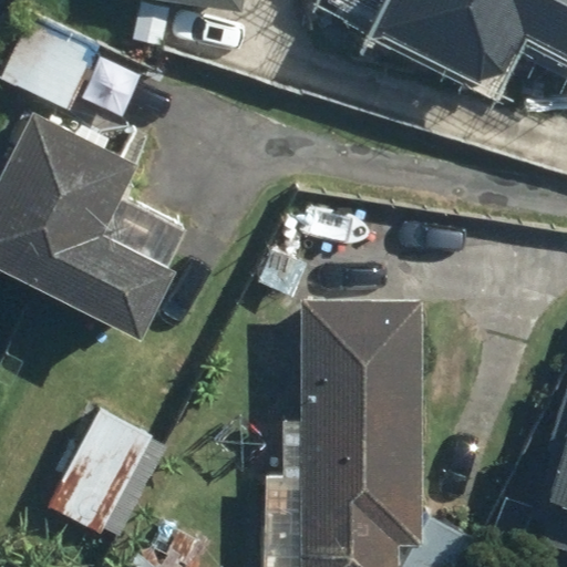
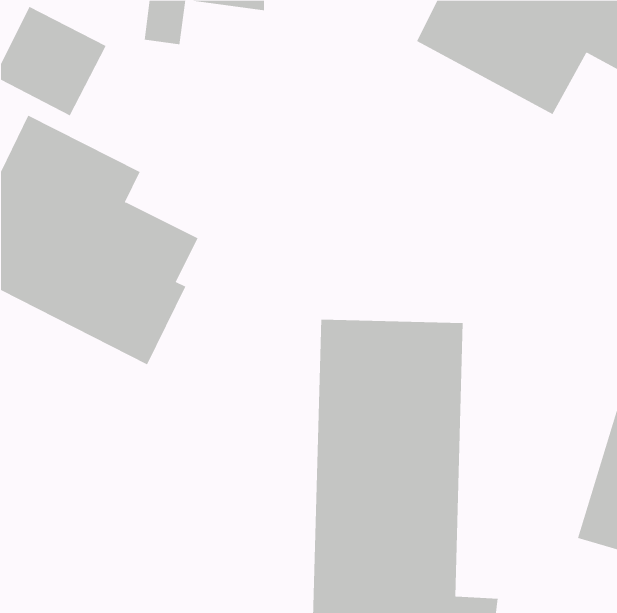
building: [58,409,165,542] -> none

